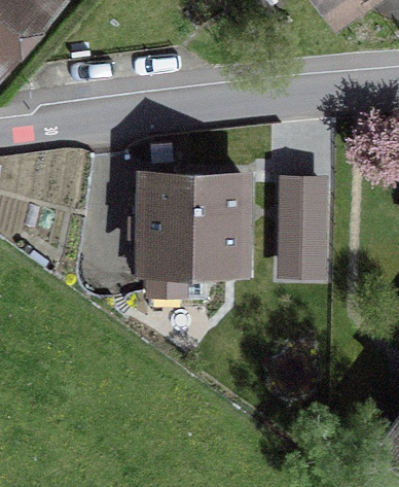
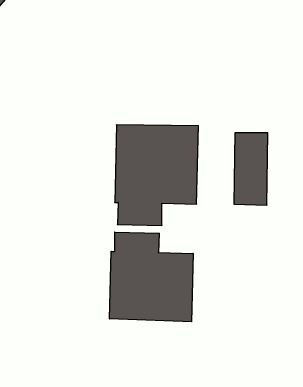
building: none -> [110,232,193,322]

